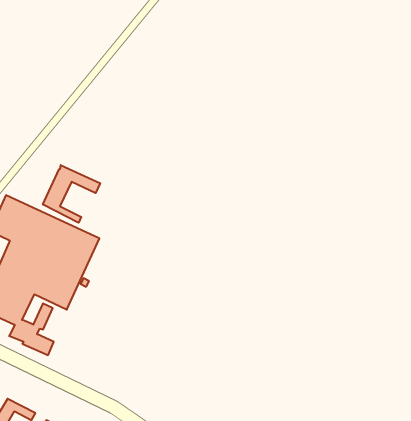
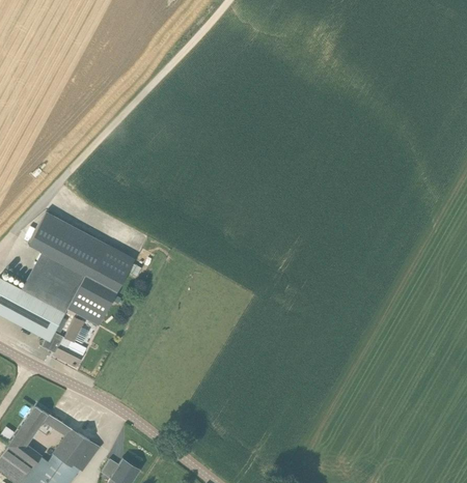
building: [43,165,100,223] -> none

